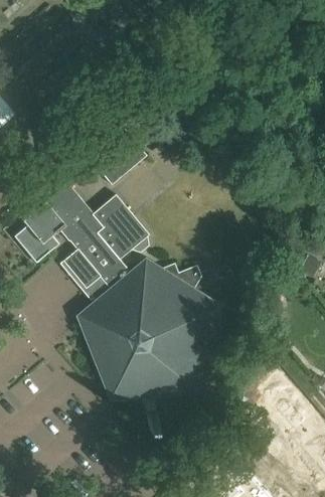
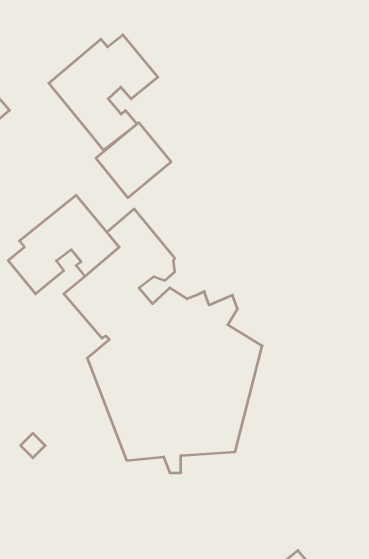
building: none -> [49,35,158,150]

